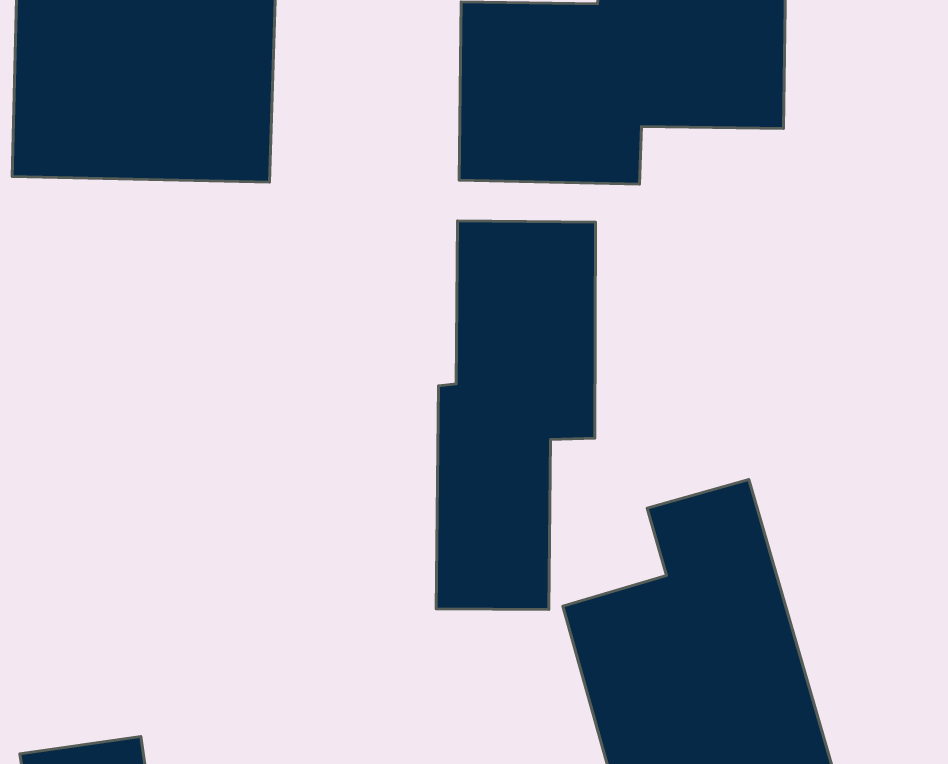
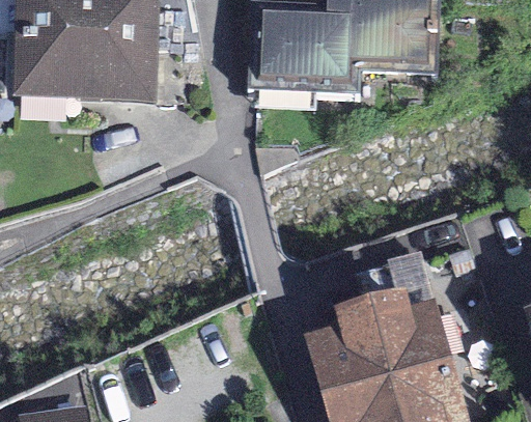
building: [436,221,596,609] -> none

